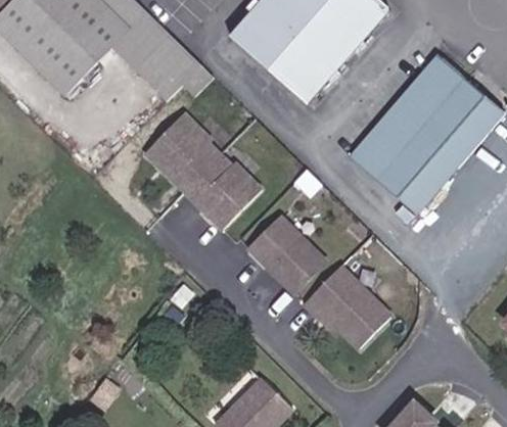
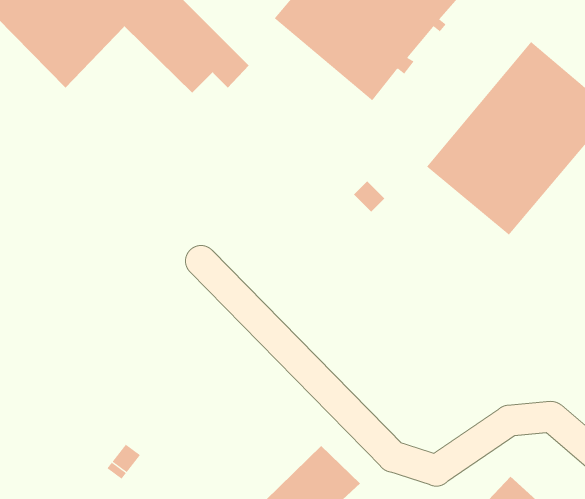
building: [142,113,259,230] -> none
building: [247,217,321,290] -> none
building: [302,265,387,346] -> none

